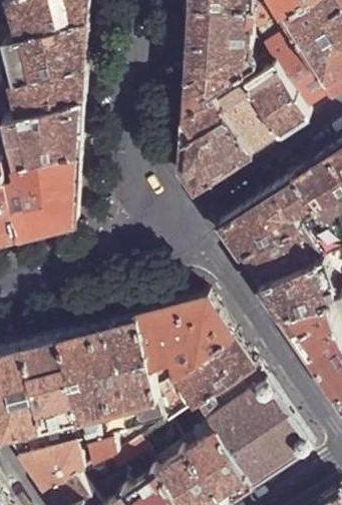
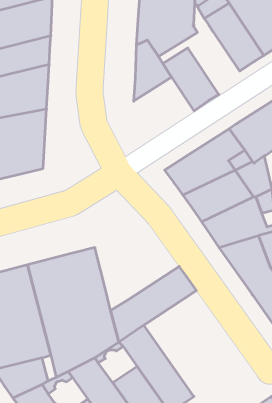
building: [243,65,308,138] -> none
building: [179,118,250,193] -> none
building: [134,299,233,378] -> none
building: [192,367,311,490] -> none

